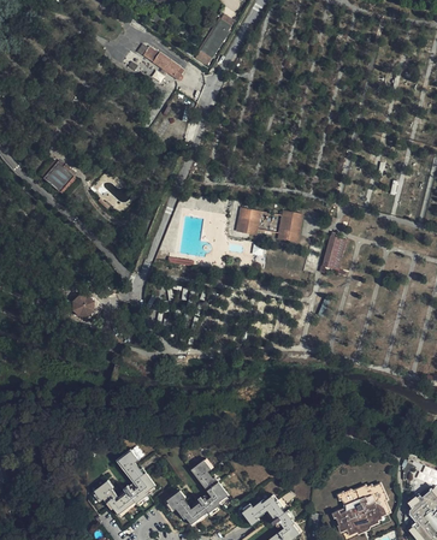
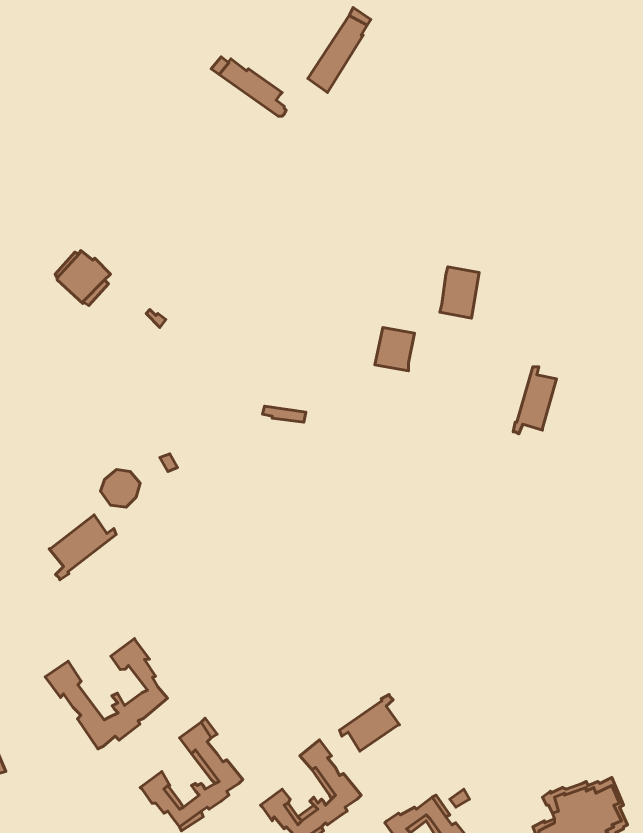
building: [278,212,302,243] -> [440,267,479,318]
building: none -> [49,515,116,580]
building: none -> [45,638,168,749]
building: none -> [339,694,400,751]

